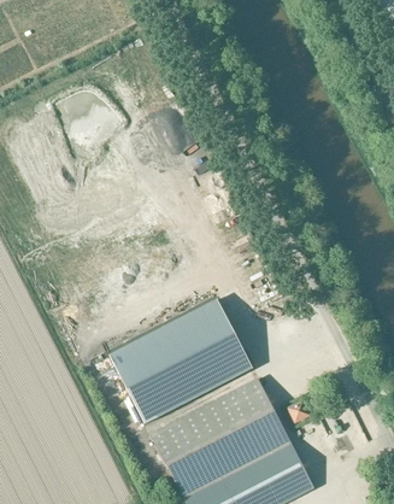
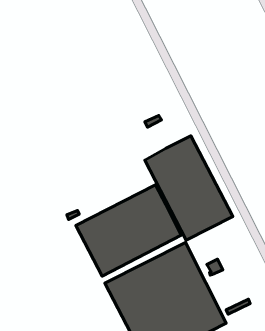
building: none -> [145,136,233,240]

